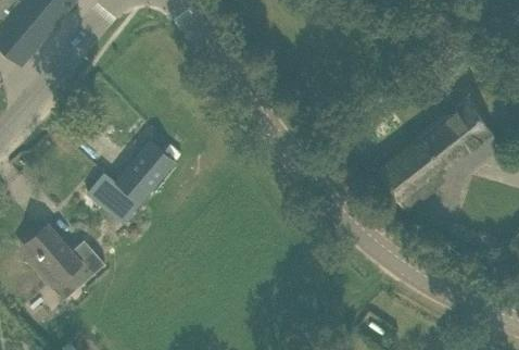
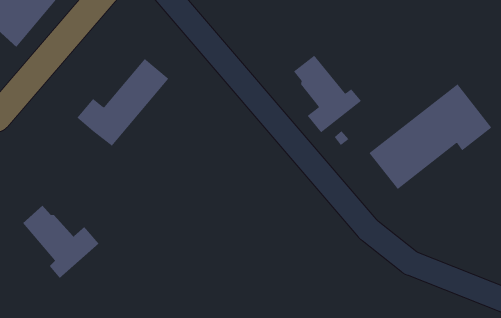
building: none -> [293,55,362,133]
building: [87,134,180,223] -> [77,58,169,146]

